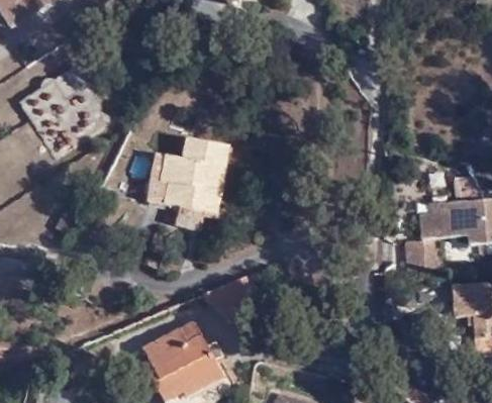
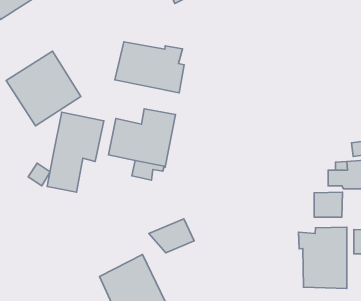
building: none -> [115,42,184,93]
building: none -> [47,112,104,192]
building: none -> [299,227,347,288]

